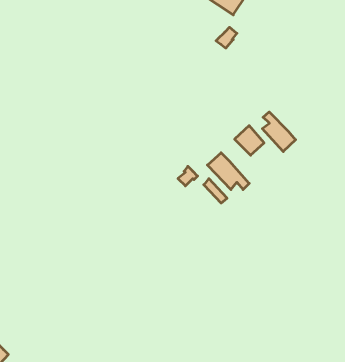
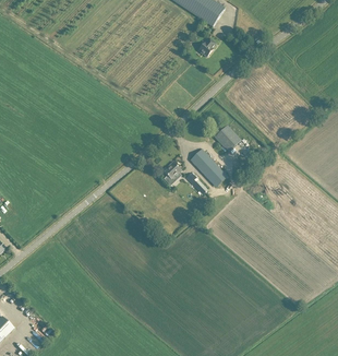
building: [262,112,296,152] -> none

